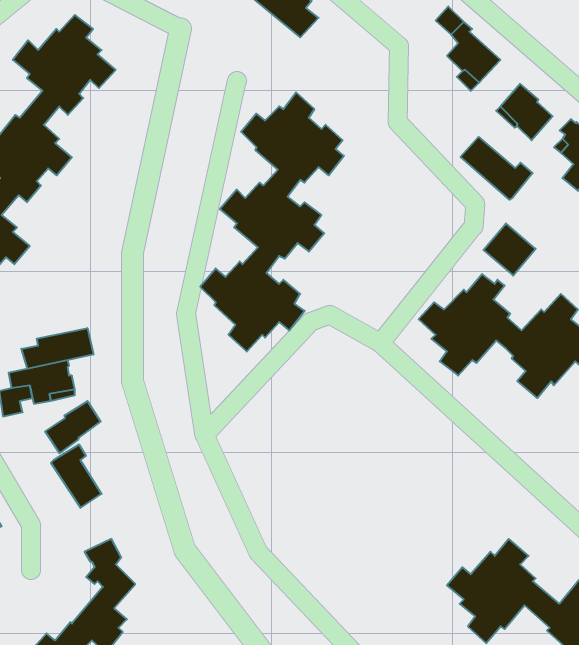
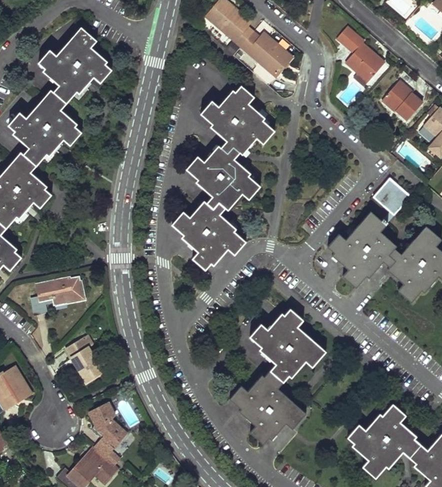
building: none -> [243,33,293,76]
building: [461,137,533,200] -> none
building: [21,328,93,369] -> none
building: [45,401,101,453] -> none
building: none -> [230,308,325,443]

